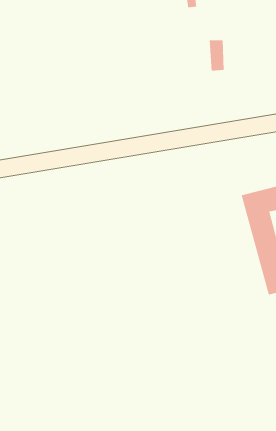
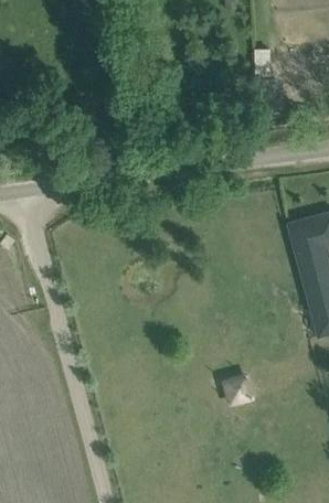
building: none -> [221,374,248,406]

